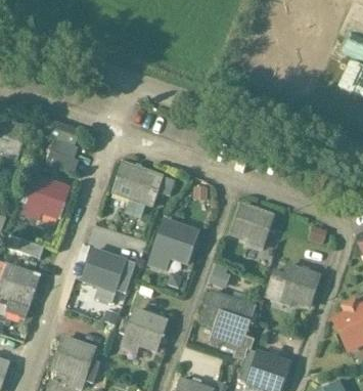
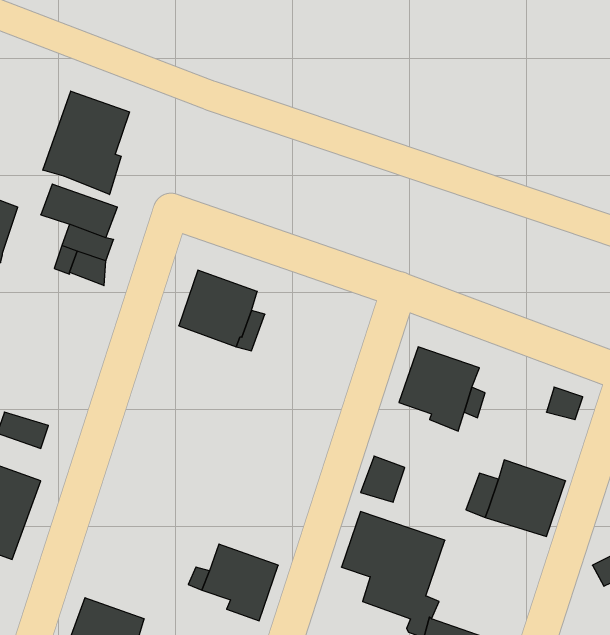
building: none -> [43,91,130,195]
building: [21,178,69,220] -> none
building: [149,222,196,269] -> none
building: [82,251,134,304] -> none

